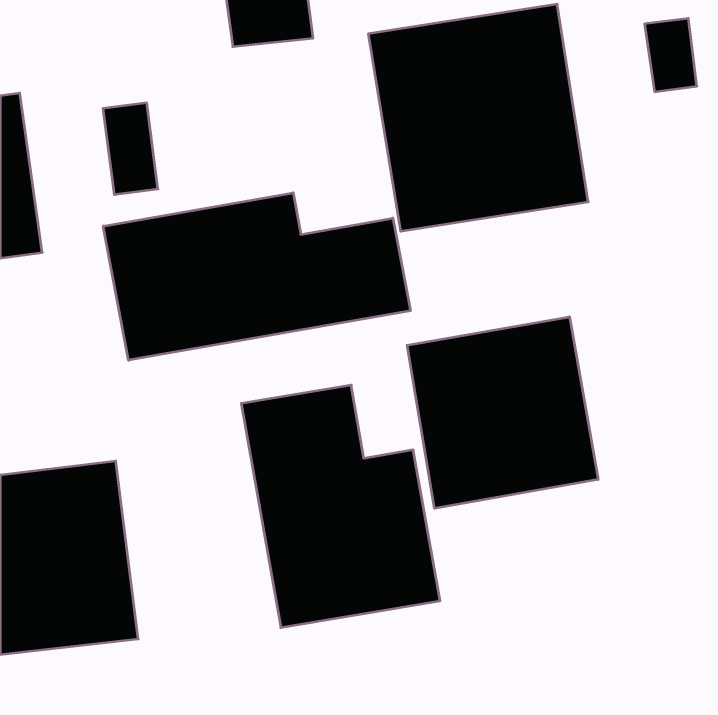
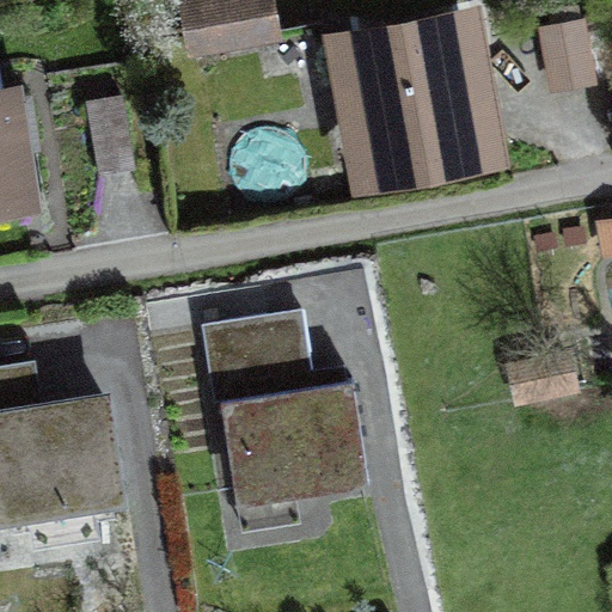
building: [103,193,410,360] -> none
building: [407,317,598,508] -> none

